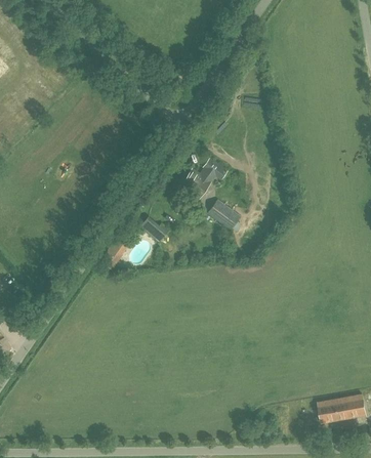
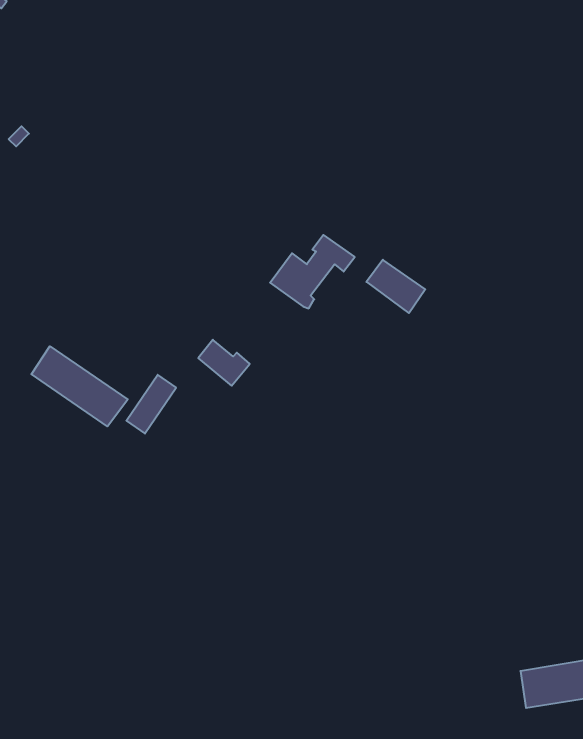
building: [207,200,240,230] -> [366,260,425,313]
building: none -> [31,346,128,426]

